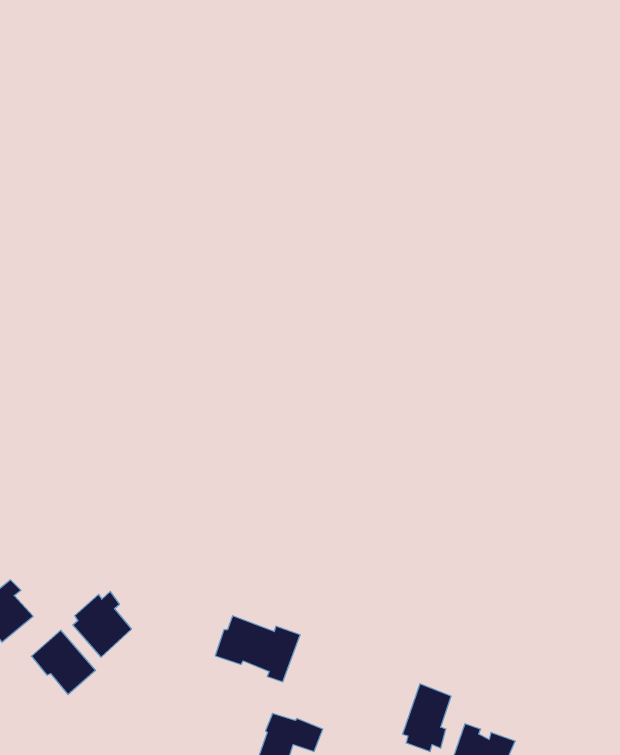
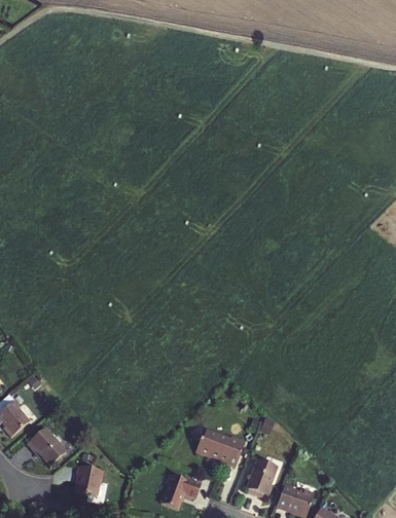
building: [73,591,131,657] -> none
building: [215,616,300,682] -> [195,428,246,467]
building: none -> [79,466,108,495]

